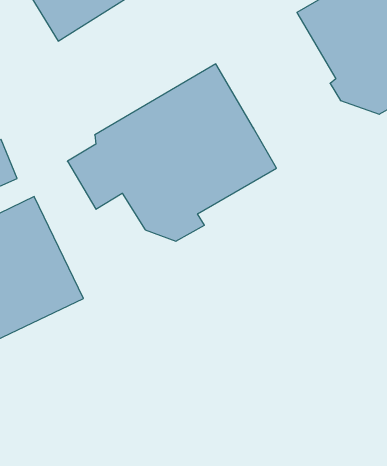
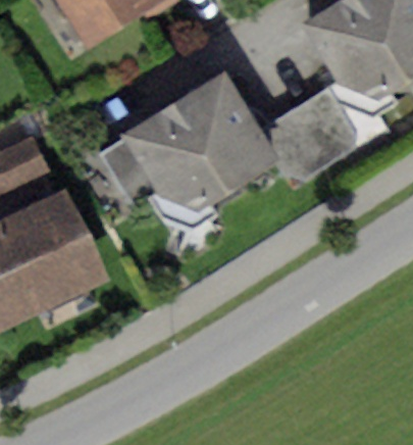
building: none -> [261,87,355,179]

